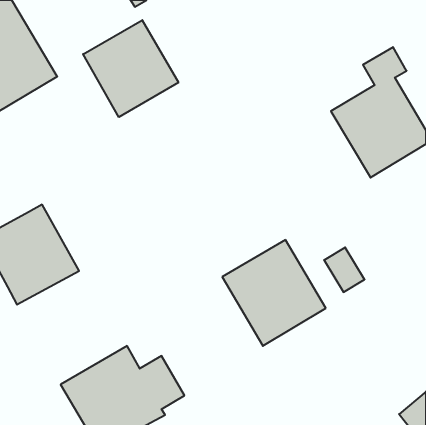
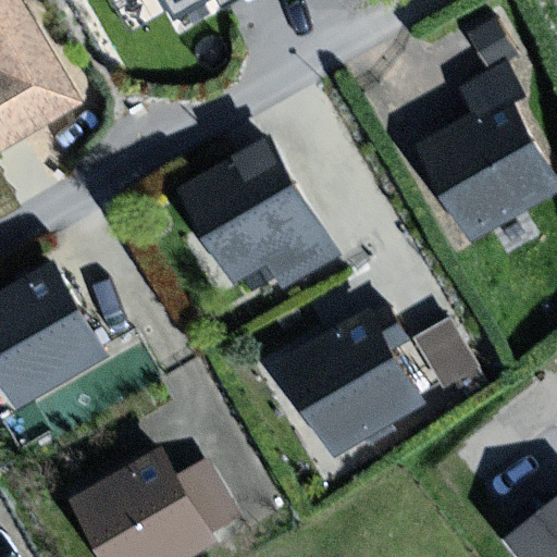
building: [83,20,178,117] -> none
building: none -> [187,145,335,288]

